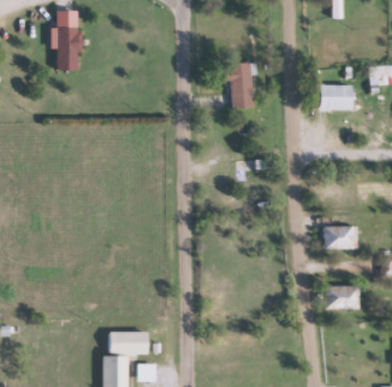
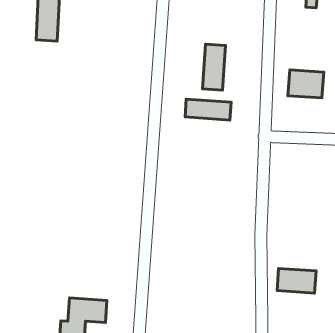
building: none -> [185,99,231,120]
building: [323,225,355,248] -> none

